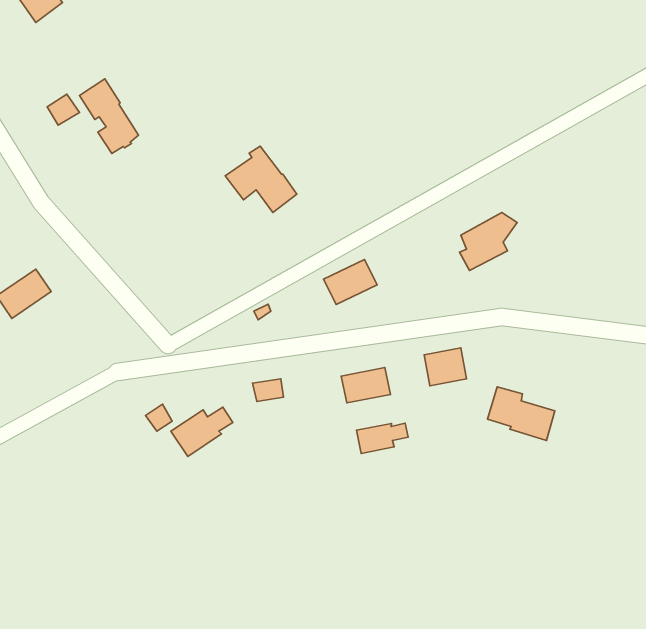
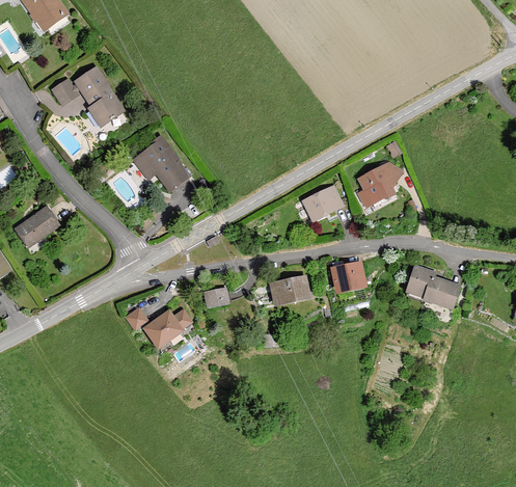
building: [225,146,297,212] -> [136,137,189,186]
building: [324,259,377,304] -> [304,186,344,219]
building: [487,387,555,440] -> [407,270,457,309]
building: [357,423,408,453] -> none

